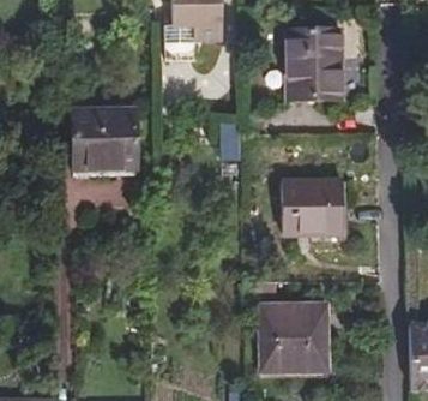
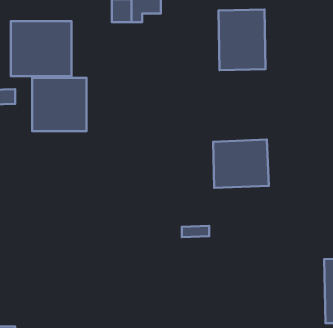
building: none -> [11,21,72,76]
building: [259,304,330,372] -> none

